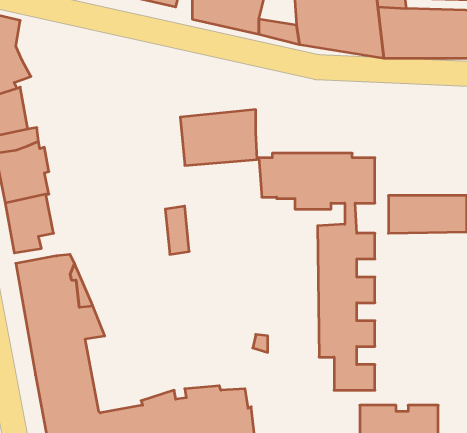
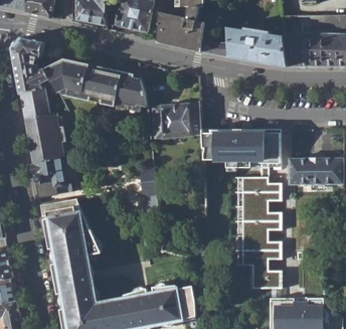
building: none -> [43,58,146,111]

